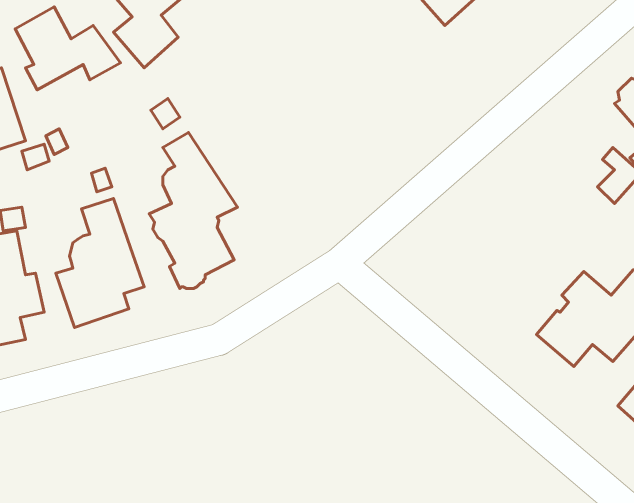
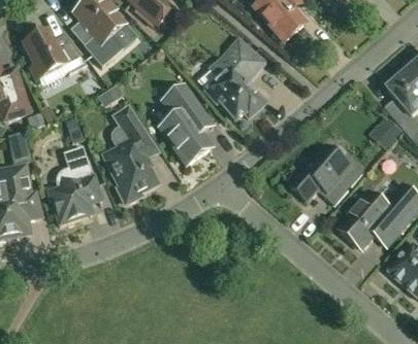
building: none -> [198,38,265,118]
building: none -> [161,83,213,164]
building: none -> [292,145,365,204]

